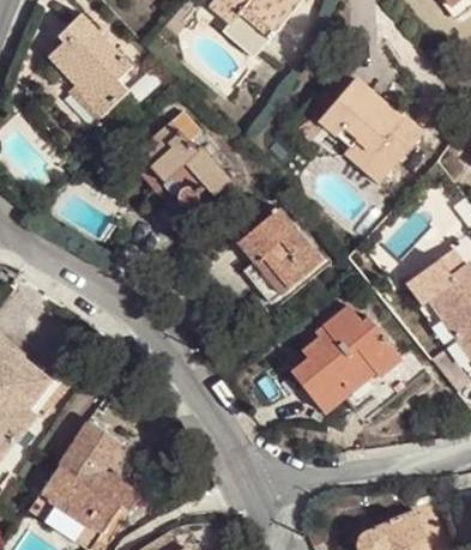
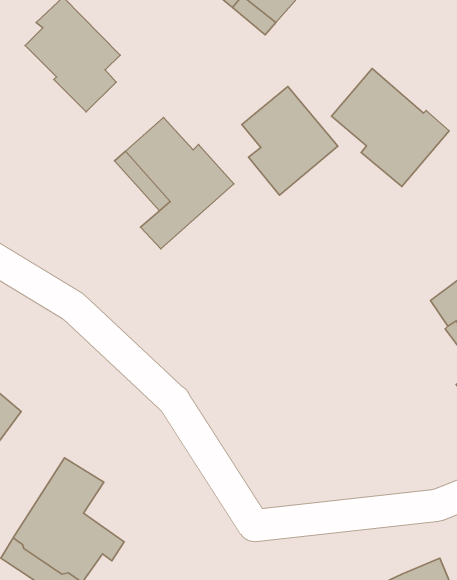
building: [237,208,322,304] -> [242,87,338,195]
building: [292,307,401,415] -> none

